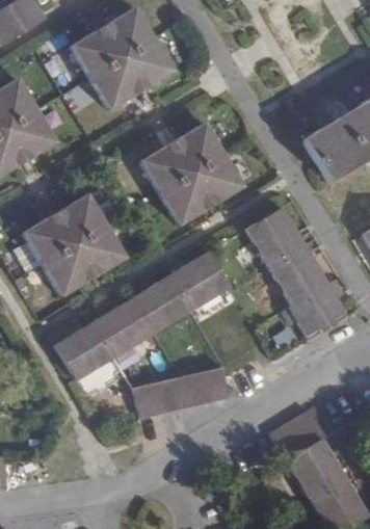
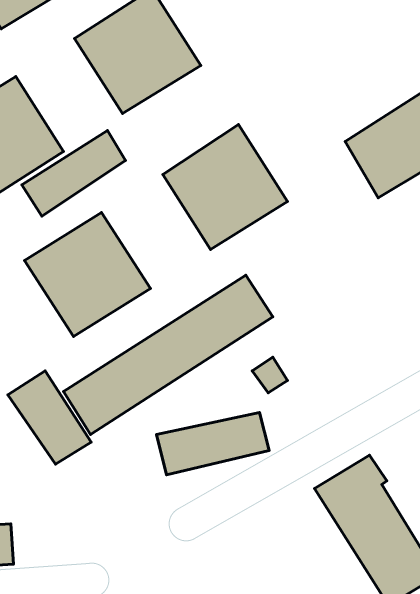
building: none -> [22,131,126,216]
building: [243,202,348,333] -> none
building: none -> [8,371,91,464]

